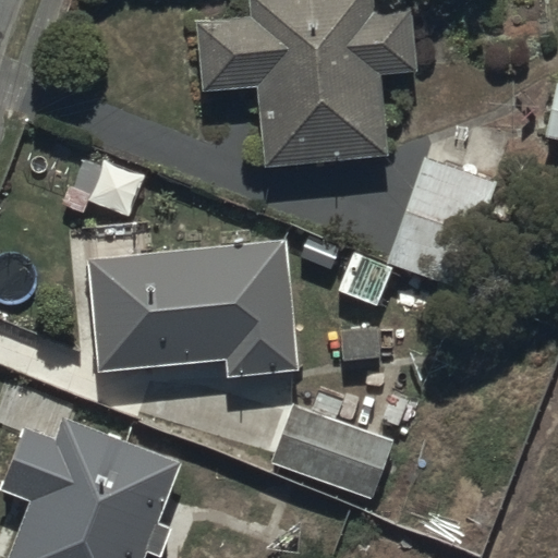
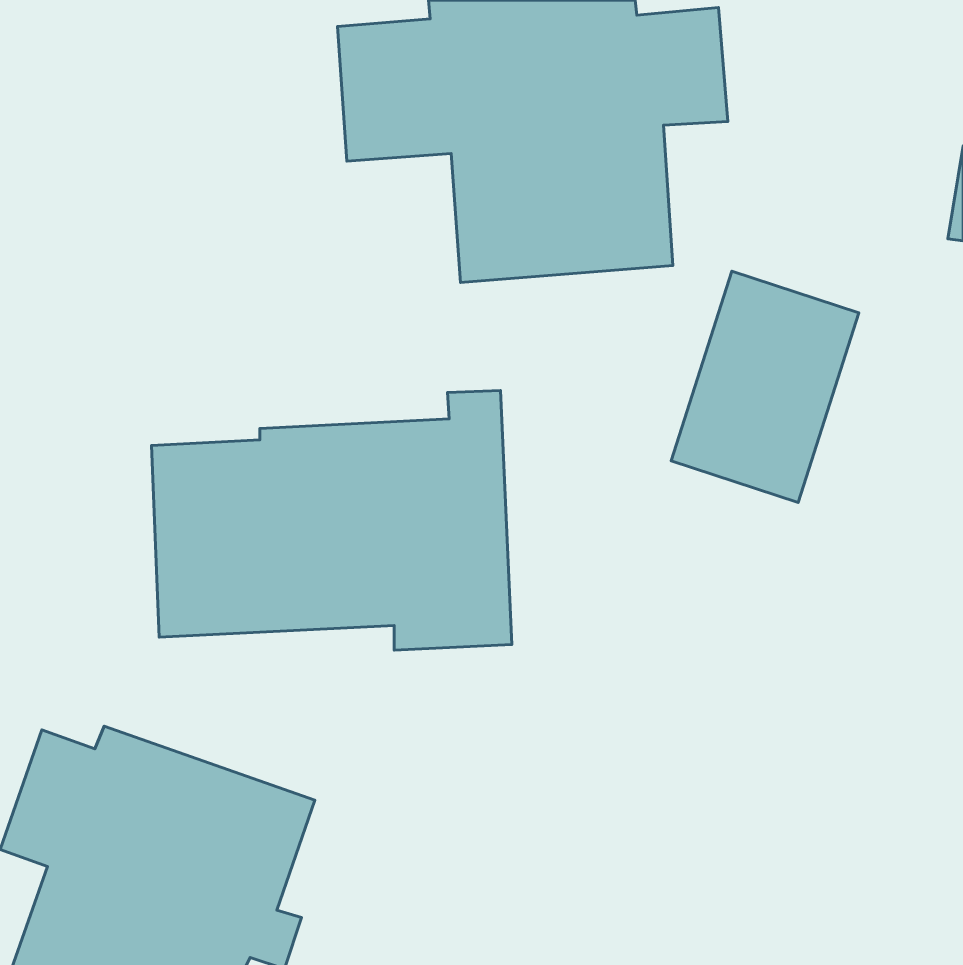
building: [271,399,403,501] -> none

